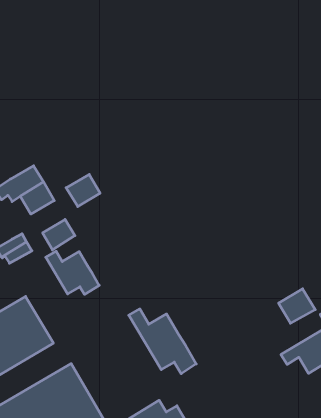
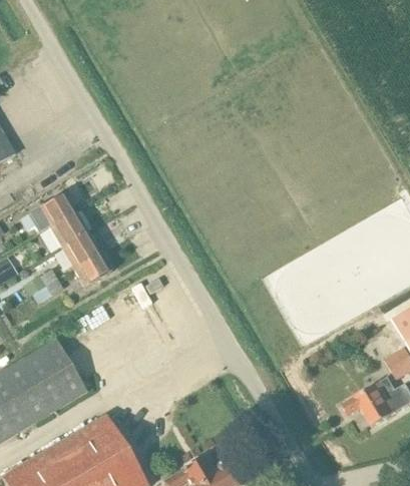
building: [66,174,100,207] -> [61,231,99,268]
building: [46,251,99,294] -> none
building: [279,289,315,323] -> none
building: [129,309,196,374] -> none

